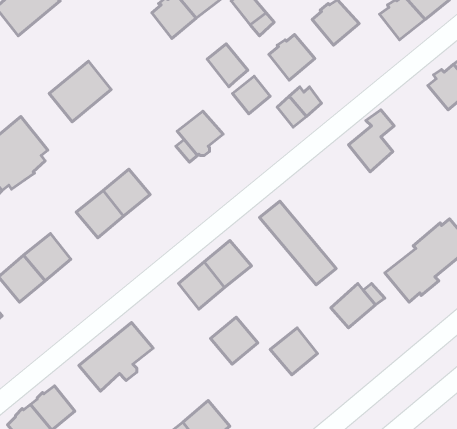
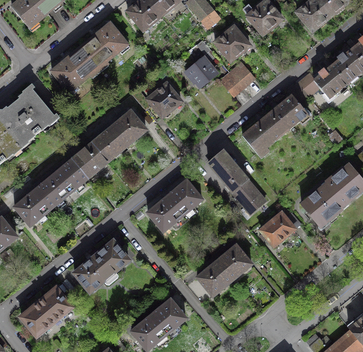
building: none -> [81,23,127,67]
building: [207,44,248,87] -> none
building: none -> [298,64,348,98]
building: none -> [242,108,290,153]
building: none -> [111,110,146,145]
building: none -> [53,158,88,193]
building: [211,317,258,364] -> [197,260,232,295]

